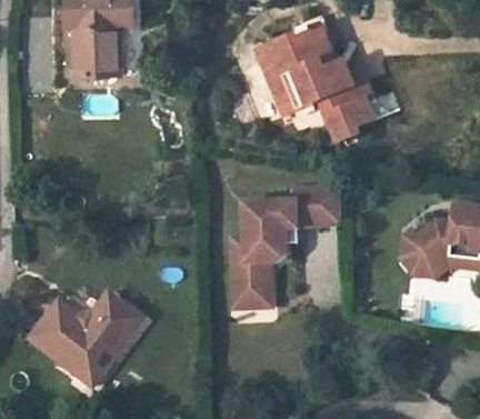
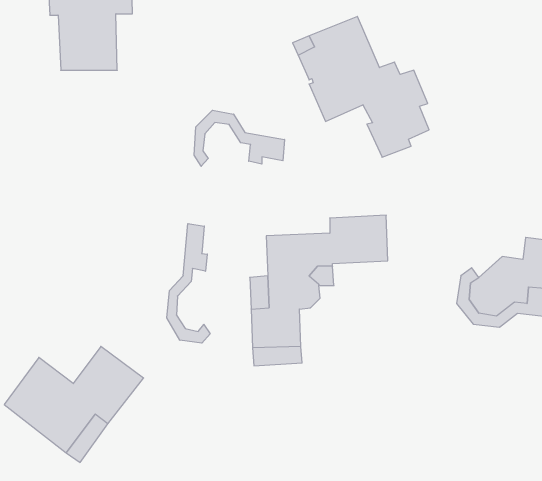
building: none -> [194,110,284,166]
building: none -> [167,224,210,343]

